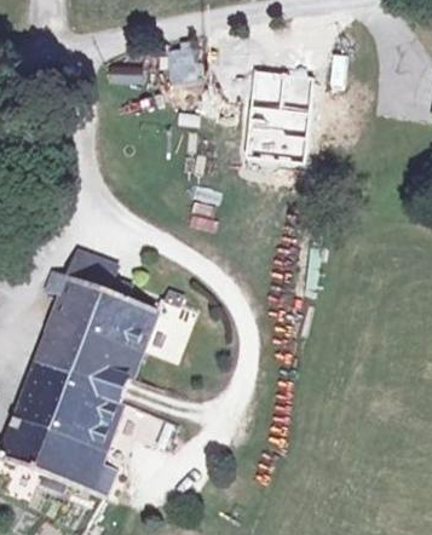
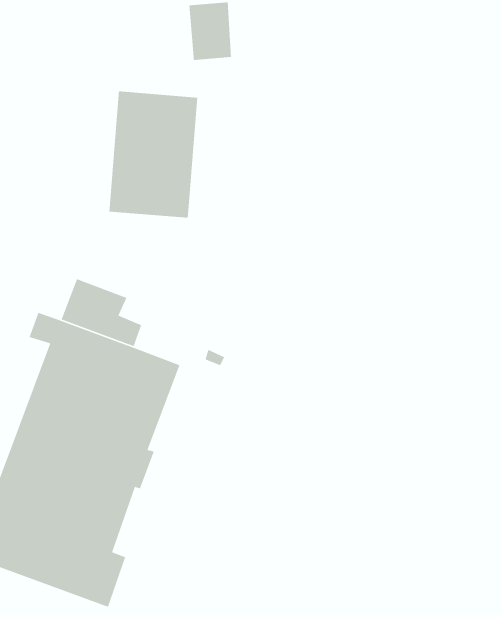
building: [241,61,309,157] -> [109,91,198,219]

